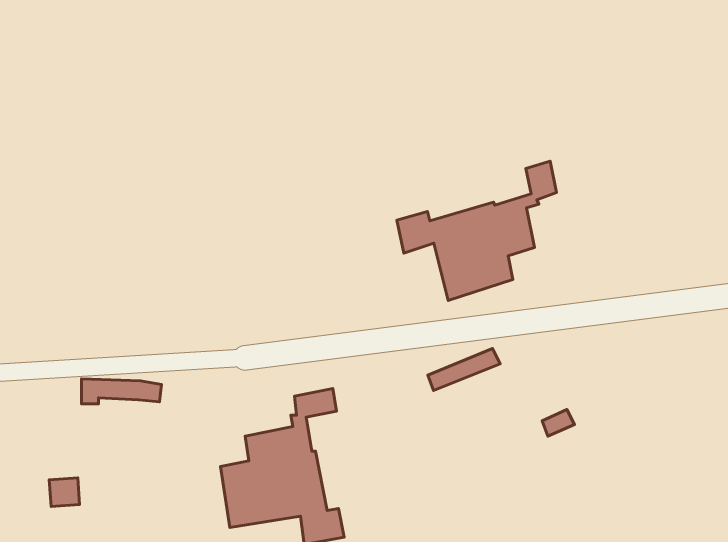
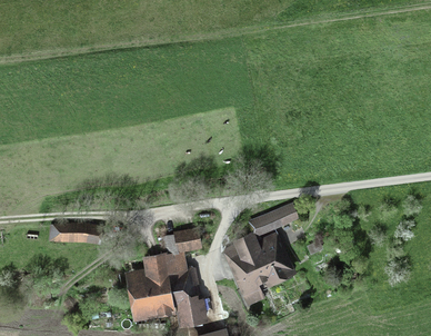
building: [397,161,557,300] -> none
building: none -> [231,234,285,296]

